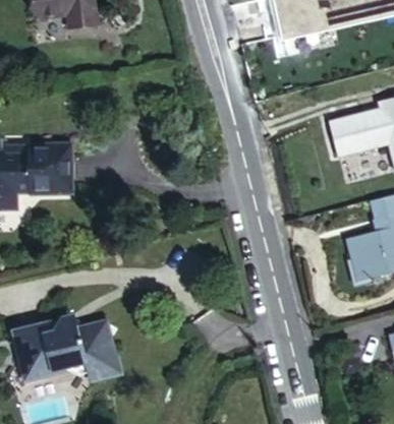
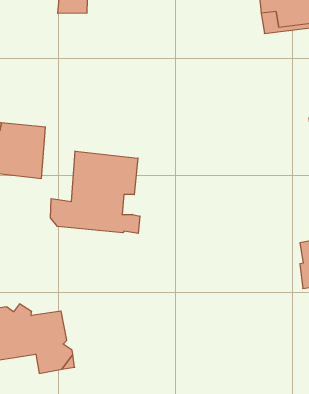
building: none -> [50,151,140,233]

